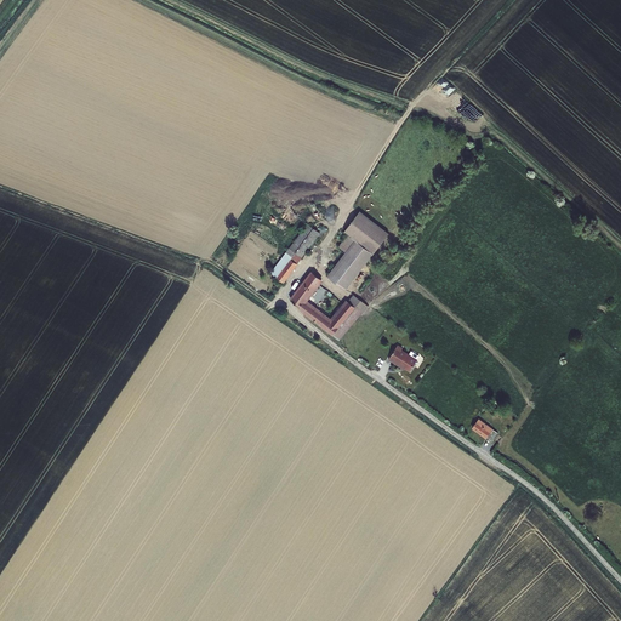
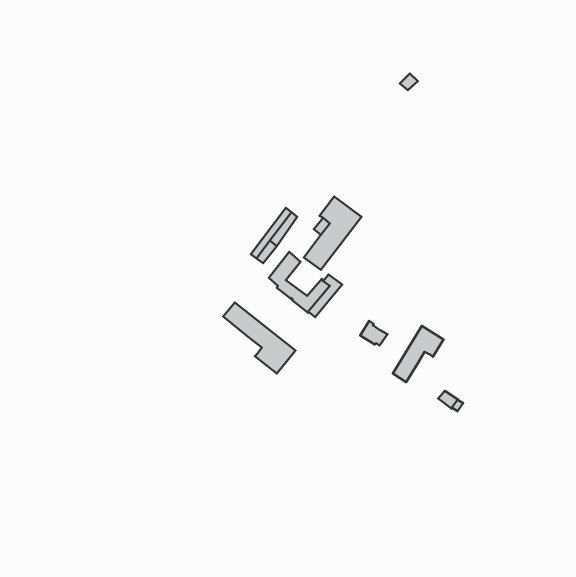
building: none -> [223,303,296,374]
building: none -> [393,326,444,382]

